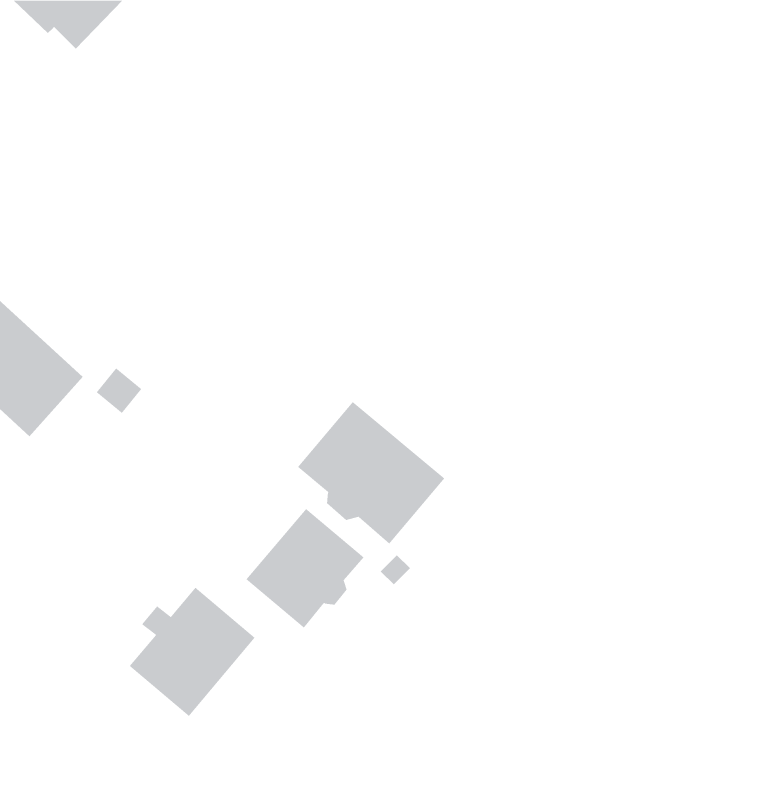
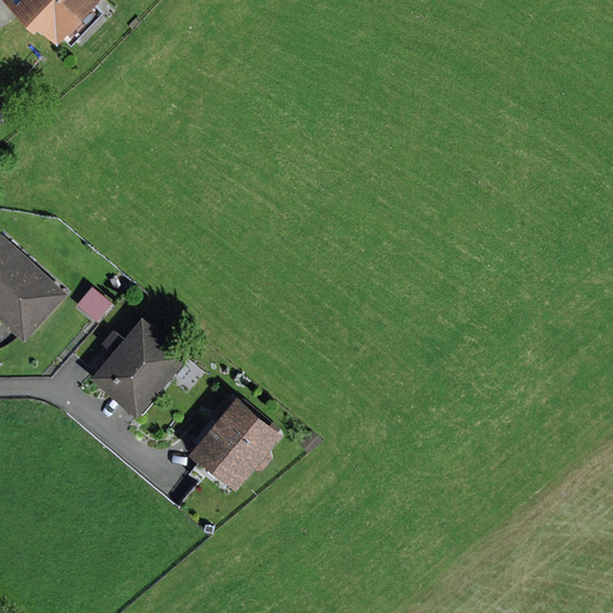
building: [297,401,445,544] -> none
building: [129,587,256,717] -> [89,317,187,418]

